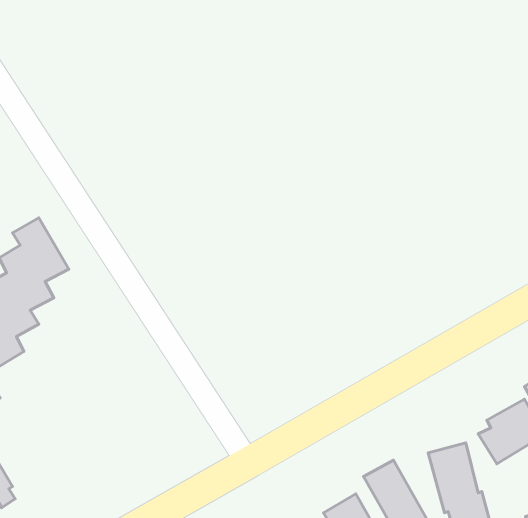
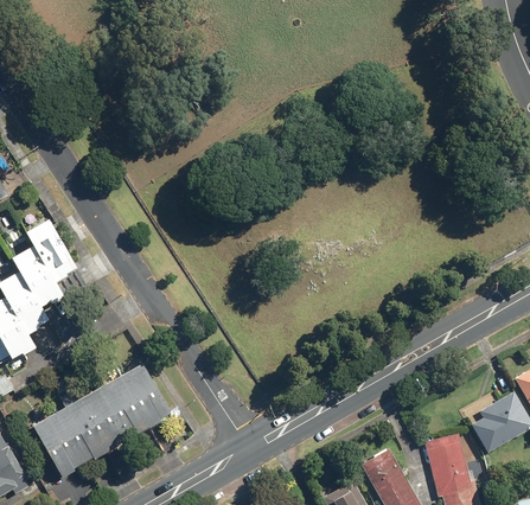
building: none -> [33,363,171,475]

